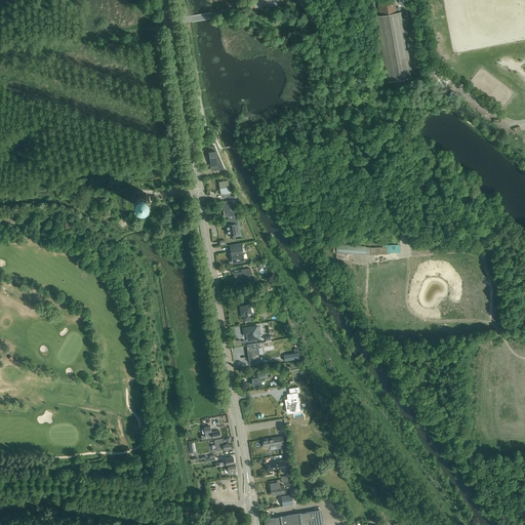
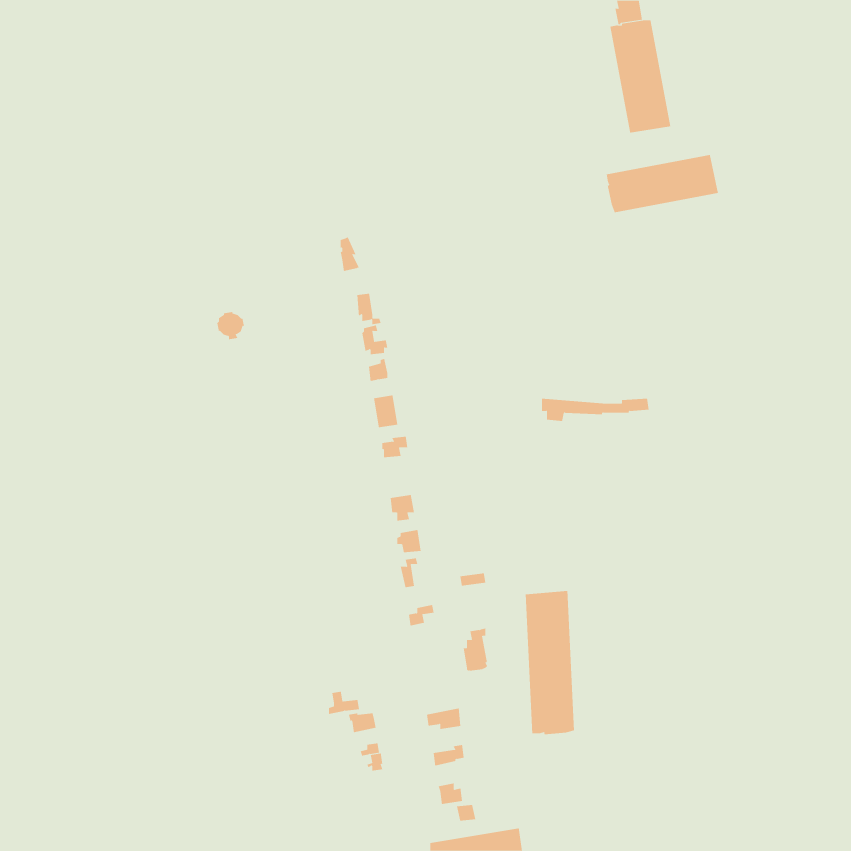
building: none -> [606,154,719,213]
building: none -> [525,590,575,735]

